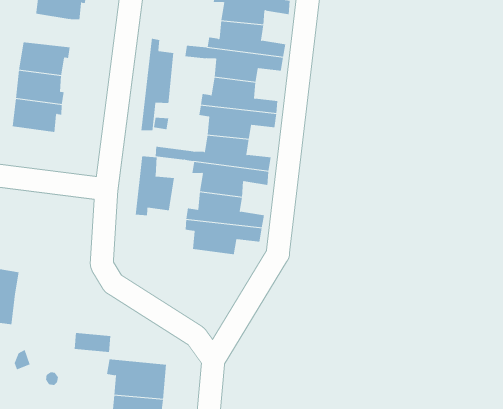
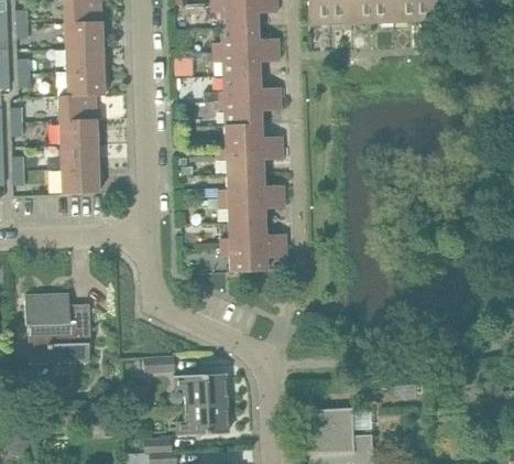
building: none -> [58,95,100,121]
building: [141,38,174,131] -> none
building: [135,156,174,216] -> none

